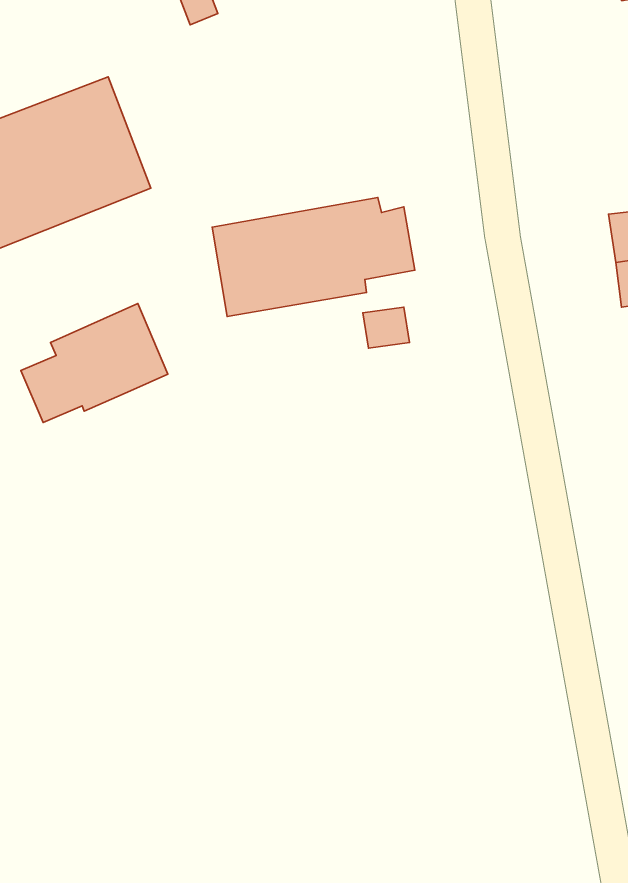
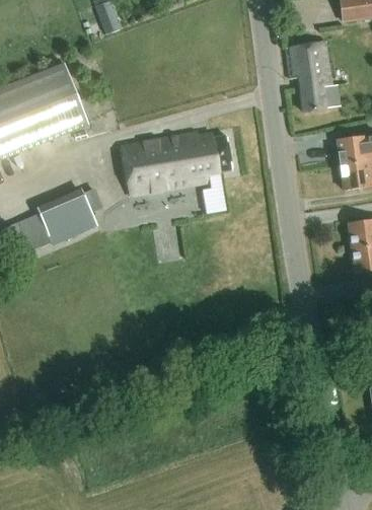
building: none -> [285,42,339,111]

